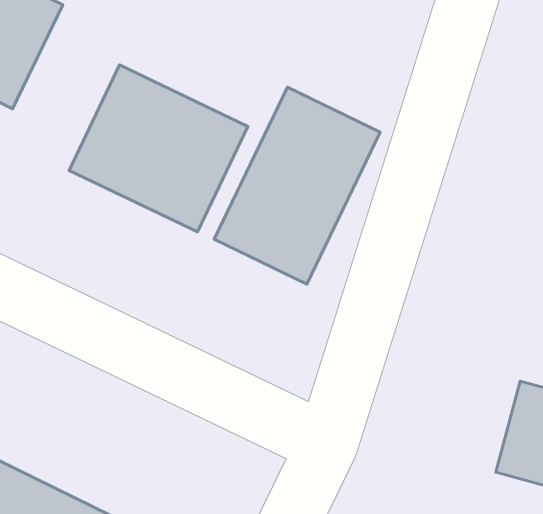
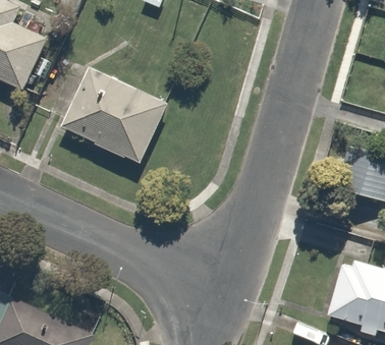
building: [214,87,380,284] -> none

